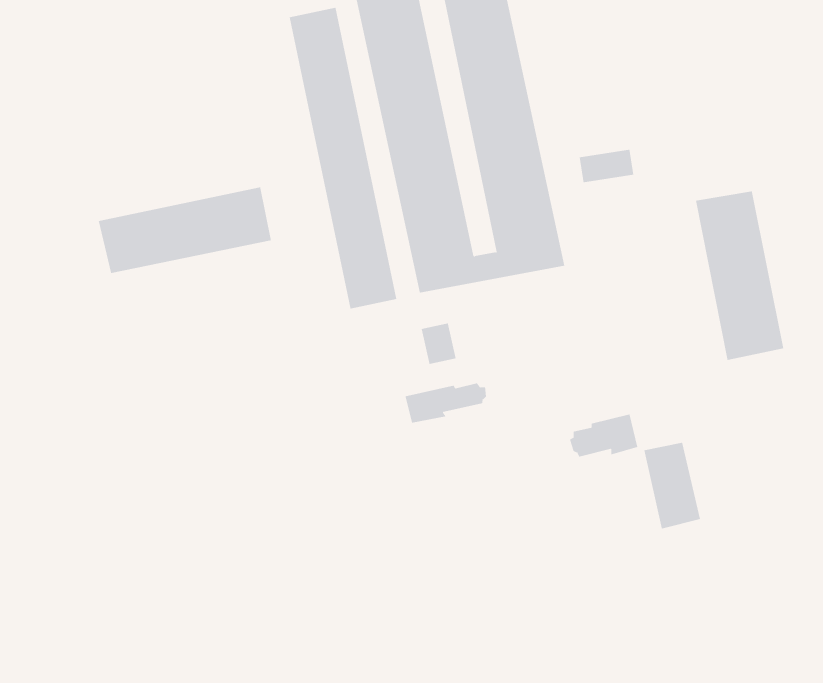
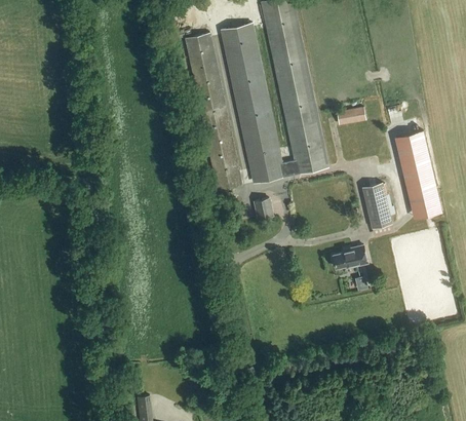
building: [98,186,271,274] -> none
building: [405,382,487,424] -> none
building: [644,442,701,529] -> [361,183,391,228]

